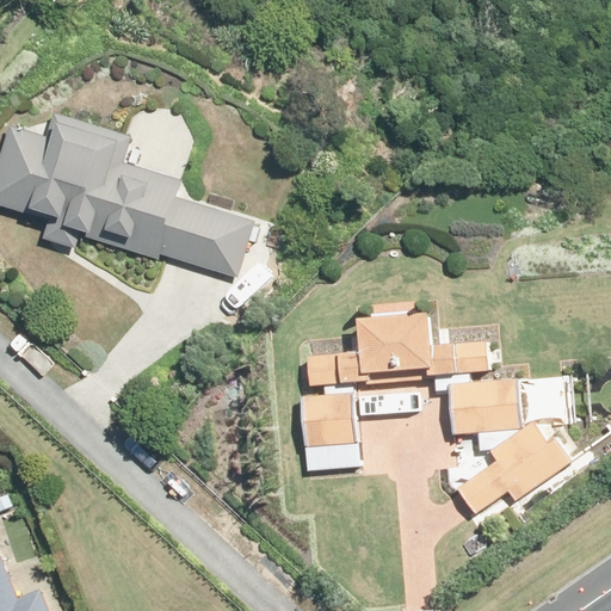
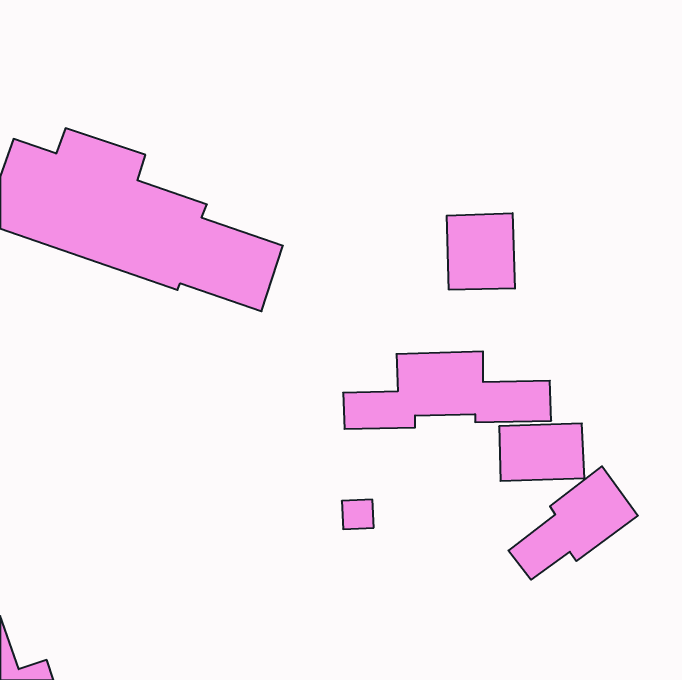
building: none -> [447,213,515,290]
building: [300,388,357,442] -> none

